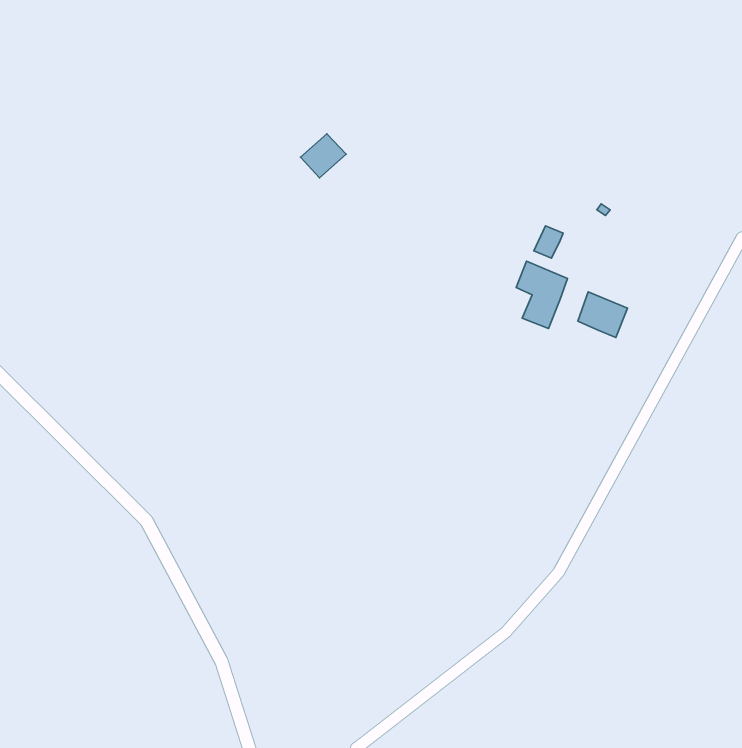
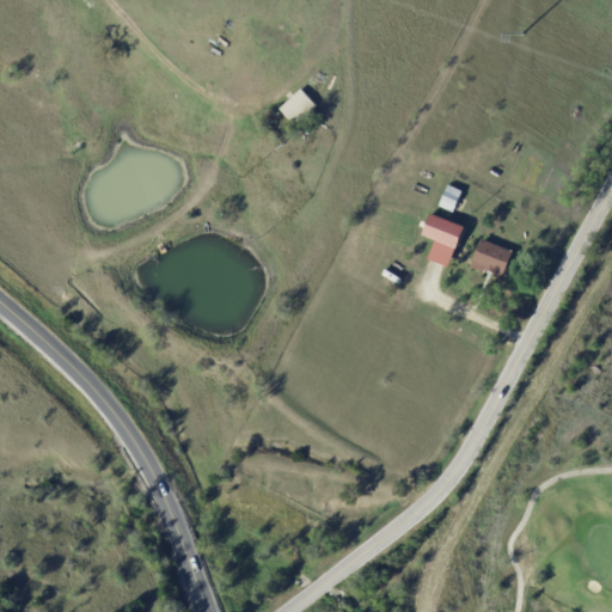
building: [301,134,346,178] -> [277,86,314,122]

